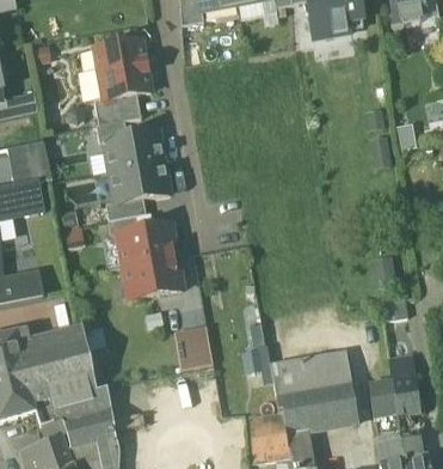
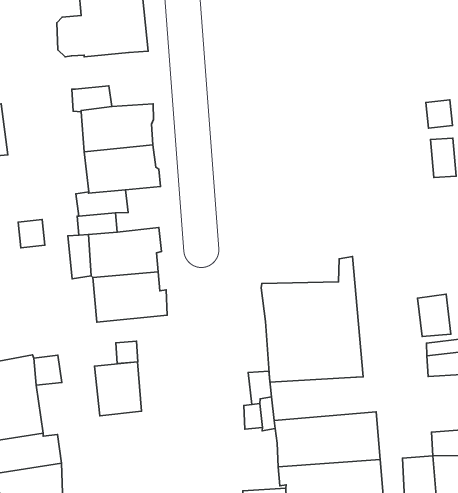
building: [94,92,141,123] -> none
building: none -> [261,256,363,382]
building: [174,324,213,367] -> [94,362,141,416]

